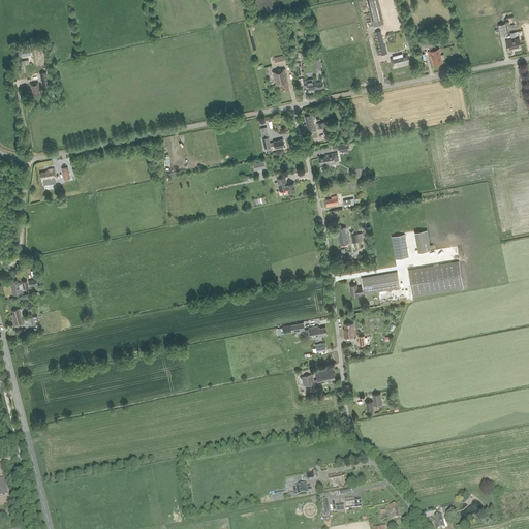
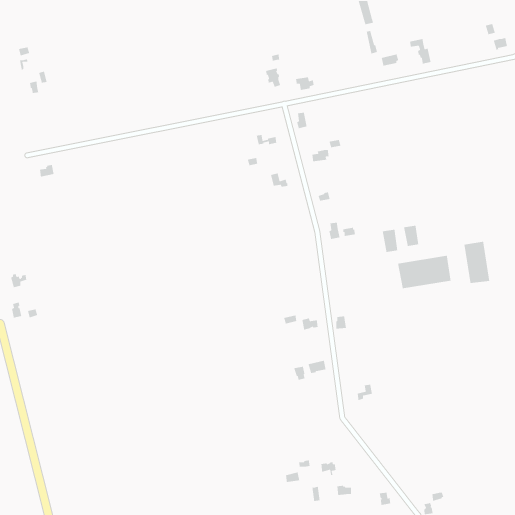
building: none -> [464,241,490,284]
building: [350,272,400,295] -> none

